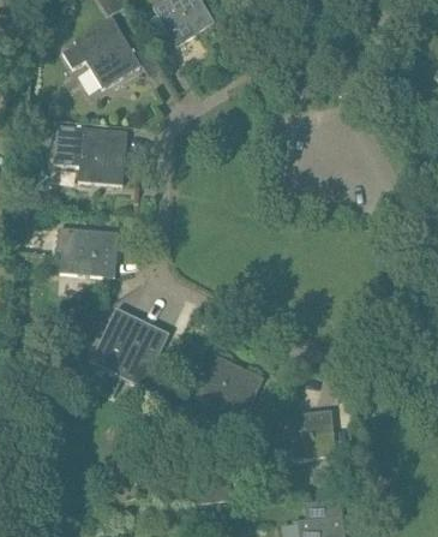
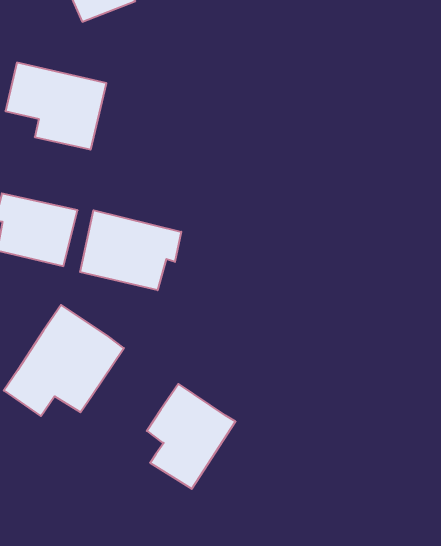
building: none -> [80,210,181,290]
building: [278,411,335,458] -> none

